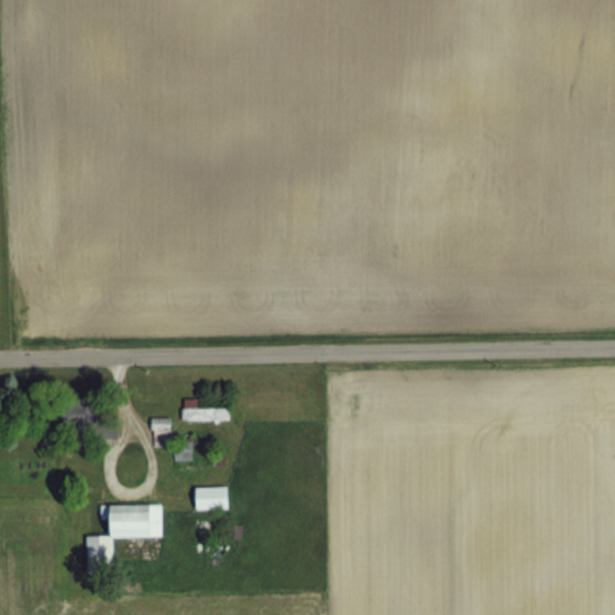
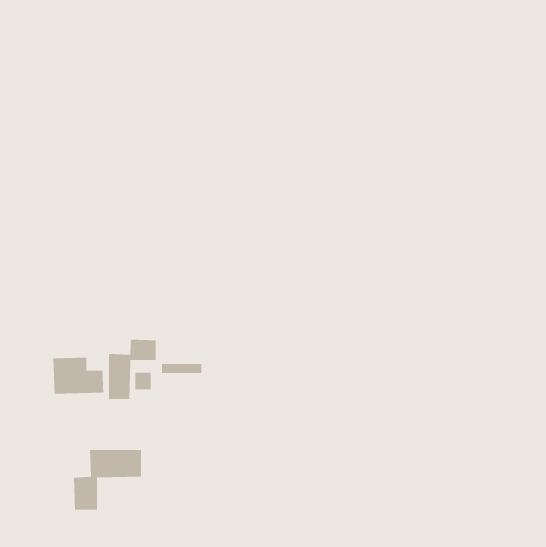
building: none -> [108,339,157,400]
building: [195,488,227,510] -> none

